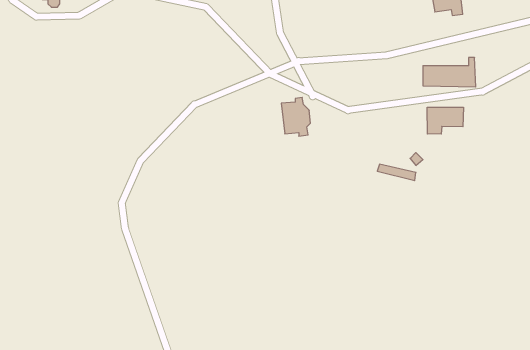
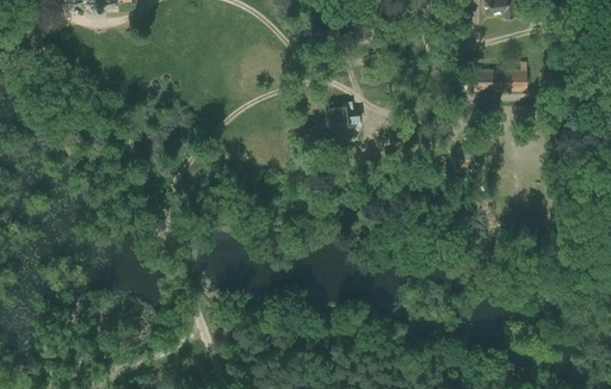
building: [427,107,463,134] -> none

